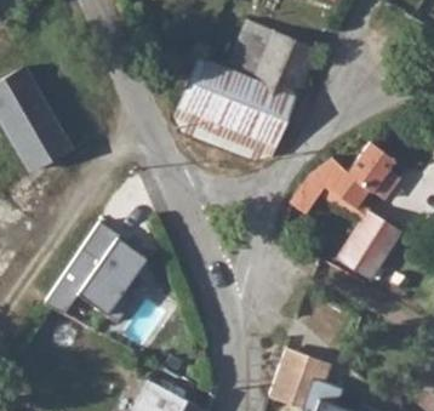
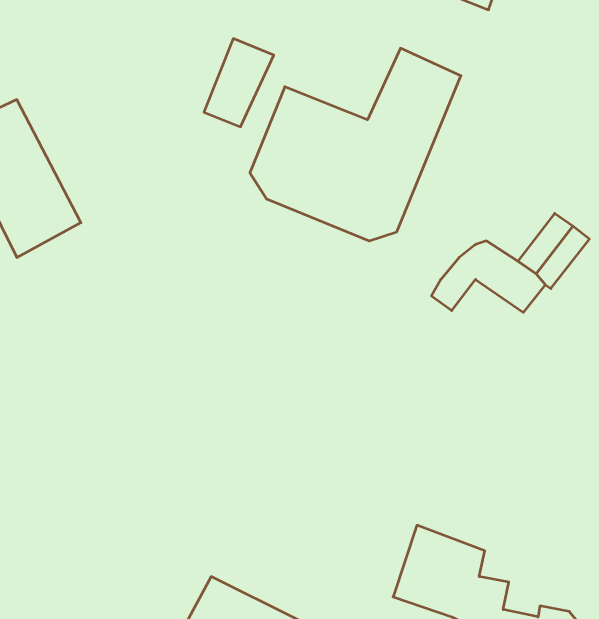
building: [229,22,275,80] -> [204,39,274,127]
building: [338,211,401,279] -> none
building: [46,224,158,331] -> none

